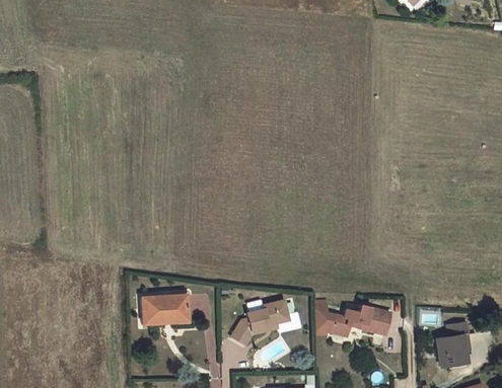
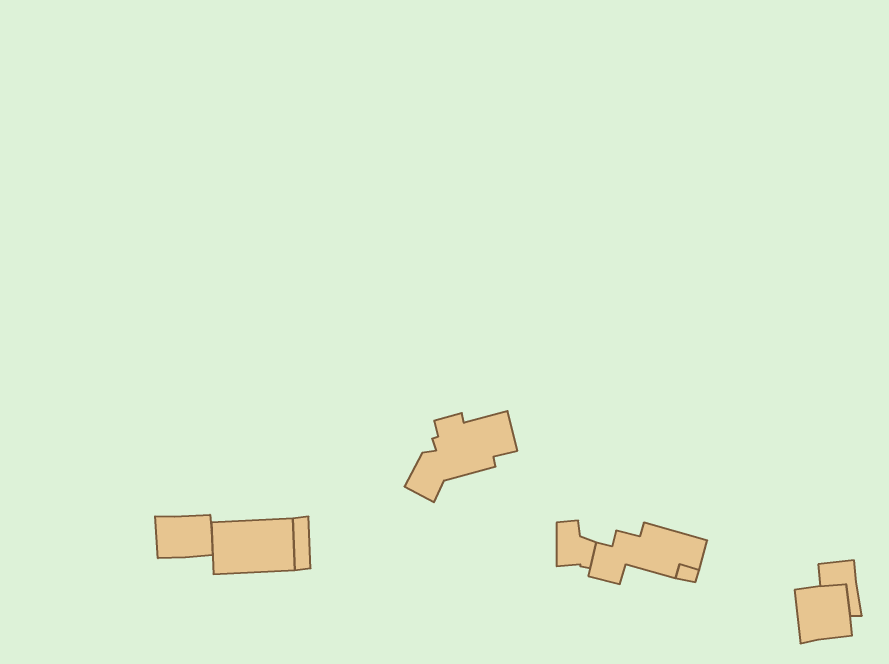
building: [230,298,288,344] -> [404,411,517,502]
building: none -> [155,515,213,558]

